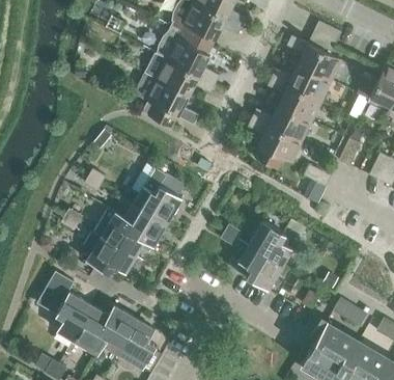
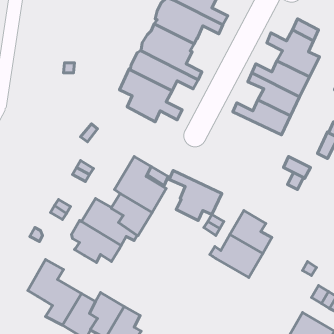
building: [247,117,302,169] -> [169,171,222,221]

